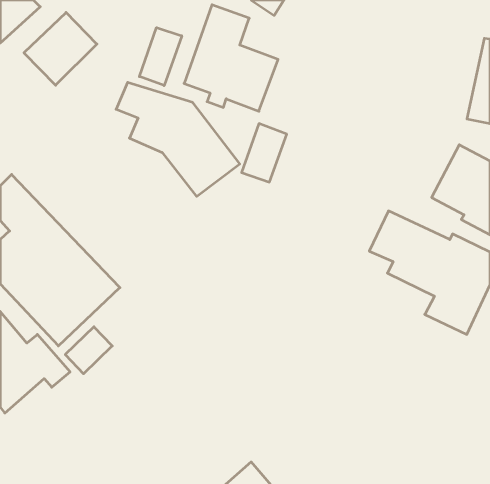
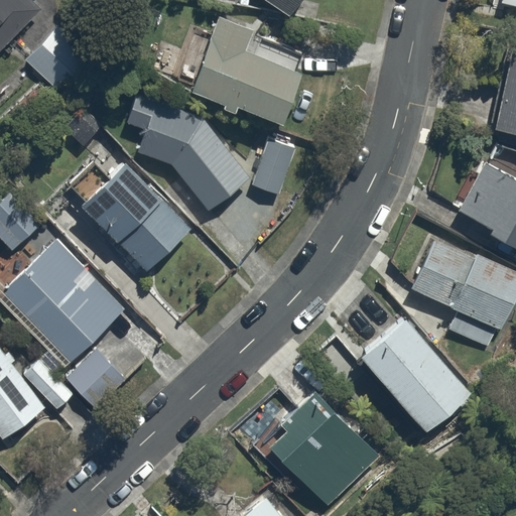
building: [139,28,182,86] -> none
building: none -> [67,155,198,285]
building: none -> [361,317,470,433]
building: none -> [268,385,385,510]

